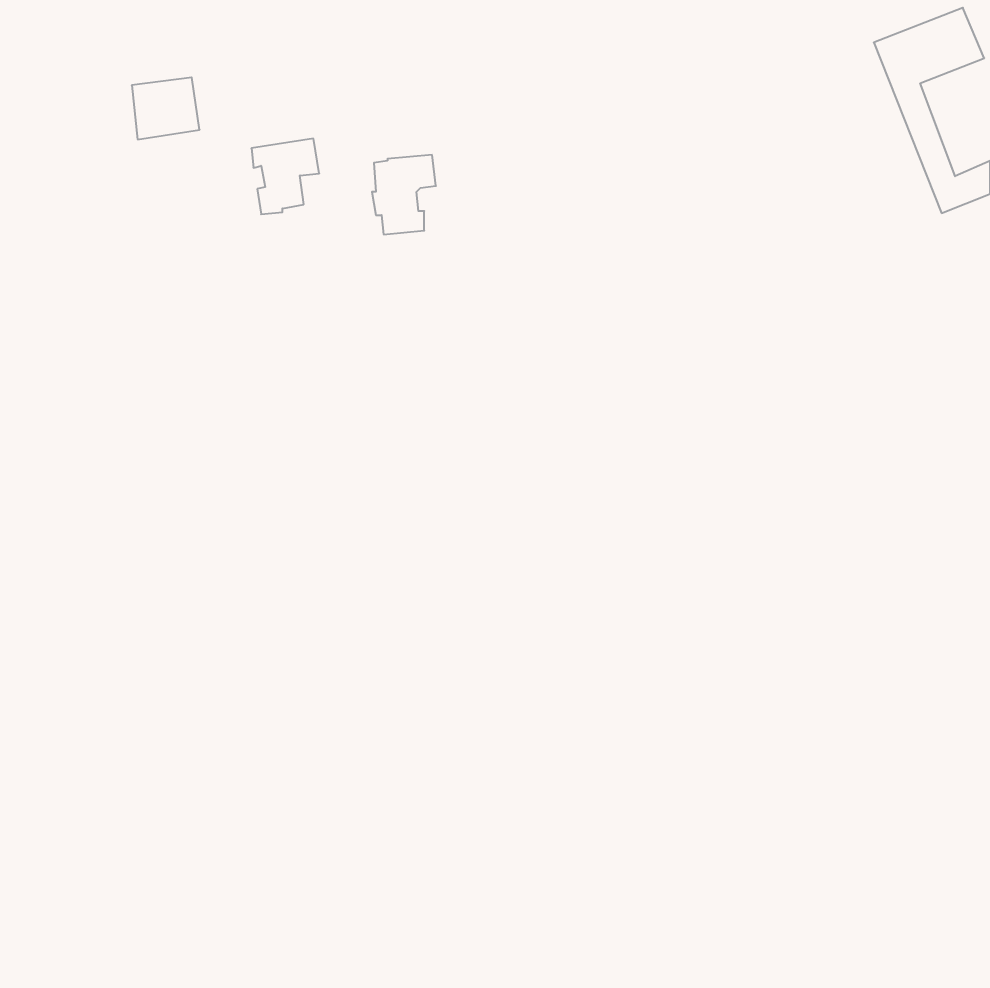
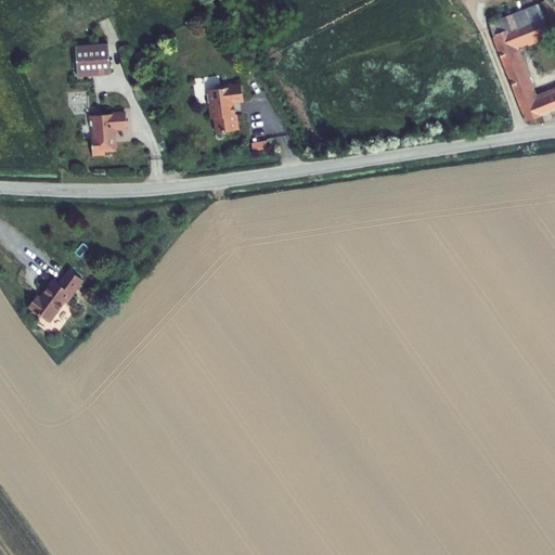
building: [251,139,319,214] -> [88,111,126,153]
building: none -> [28,269,83,321]

